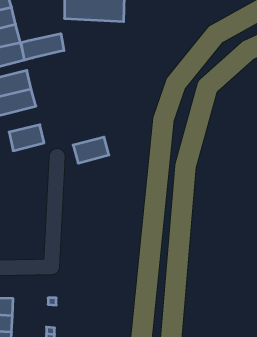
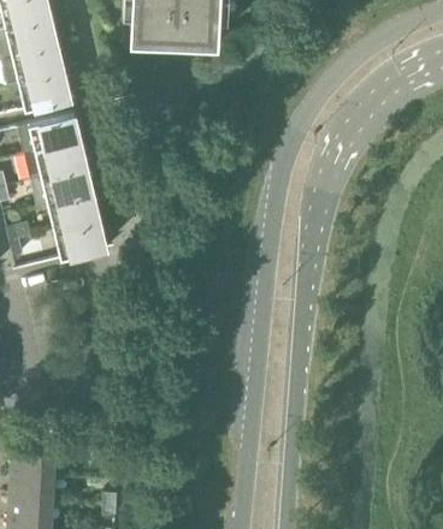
building: [21,34,64,60] -> none
building: none -> [42,167,95,206]
building: [73,137,109,163] -> [55,221,108,260]

